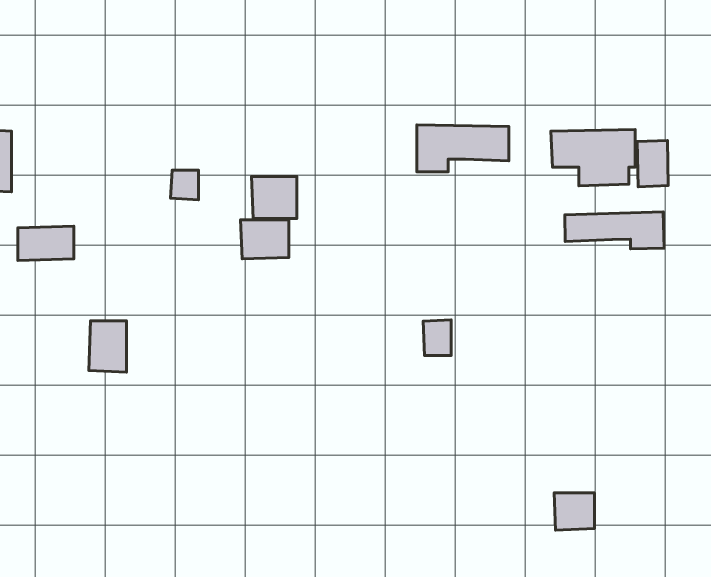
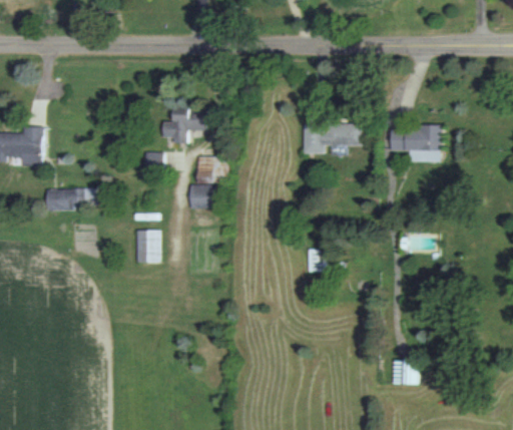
building: none -> [162,109,205,143]
building: [637,140,668,187] -> none
building: [565,212,664,249] -> none
building: [89,321,126,372] -> [135,230,159,263]

